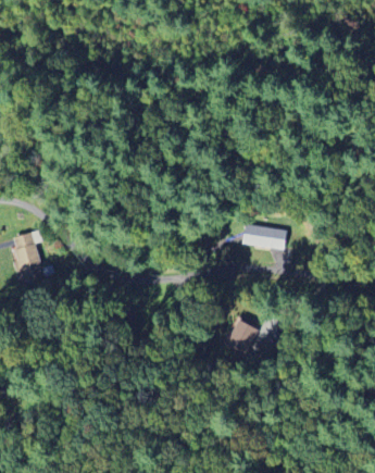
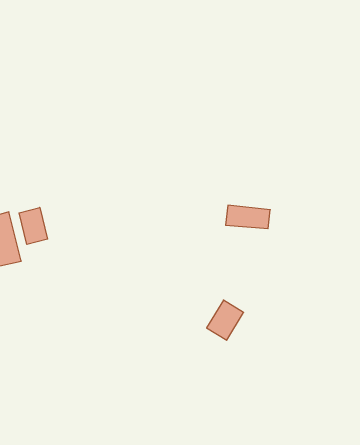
building: none -> [19,207,48,244]

